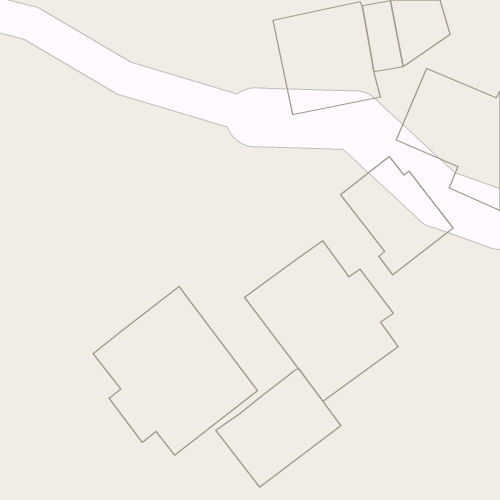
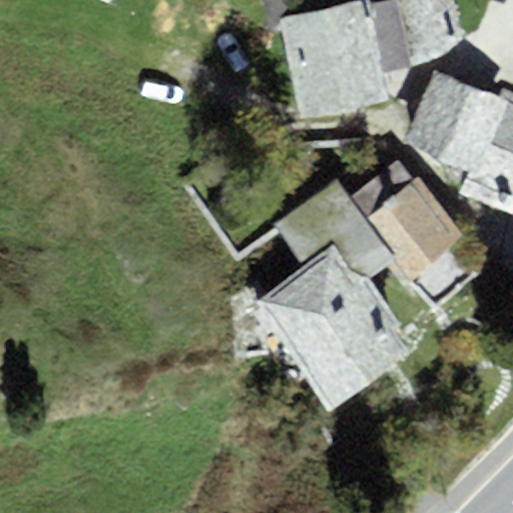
building: none -> [273,179,394,284]
building: [93,286,258,455] -> none
building: [216,369,341,487] -> none

